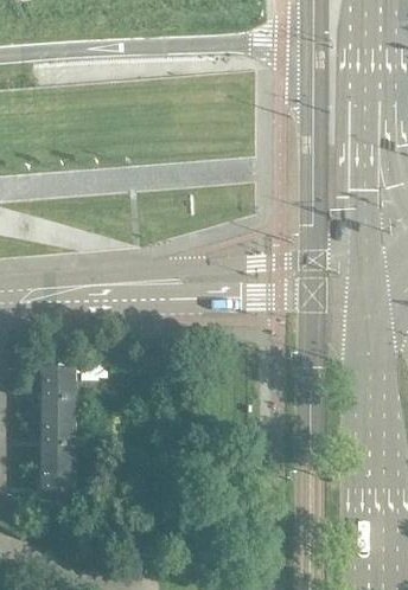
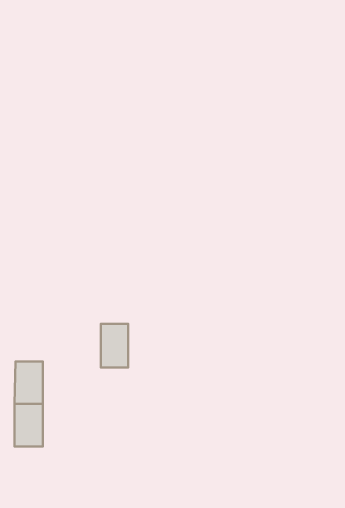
building: [38,363,68,410] -> [101,324,128,367]

